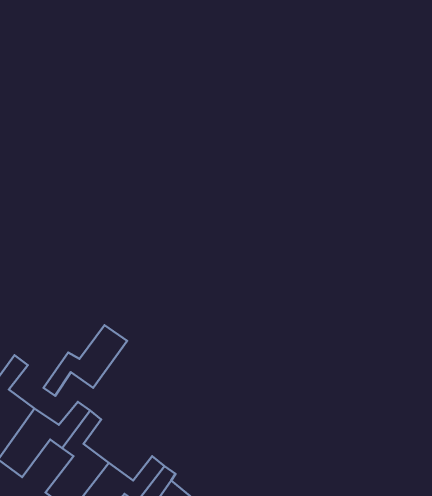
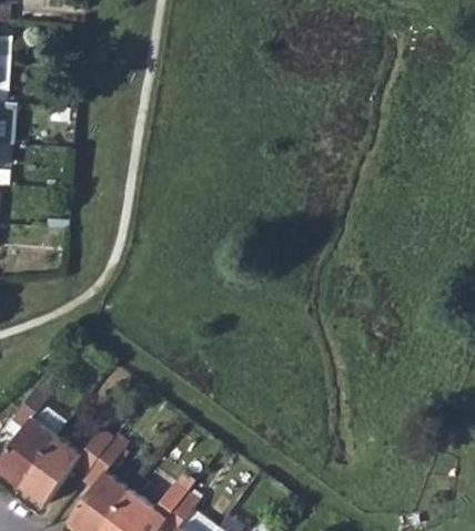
building: [43,325,127,396] -> none

